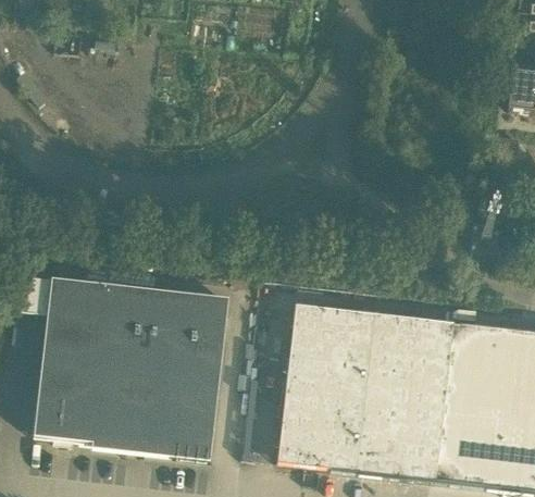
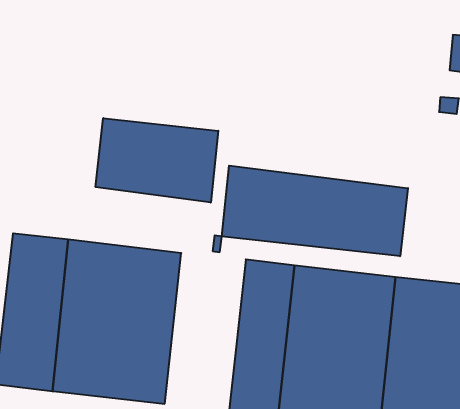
building: none -> [96,118,218,203]
building: none -> [222,166,408,256]

